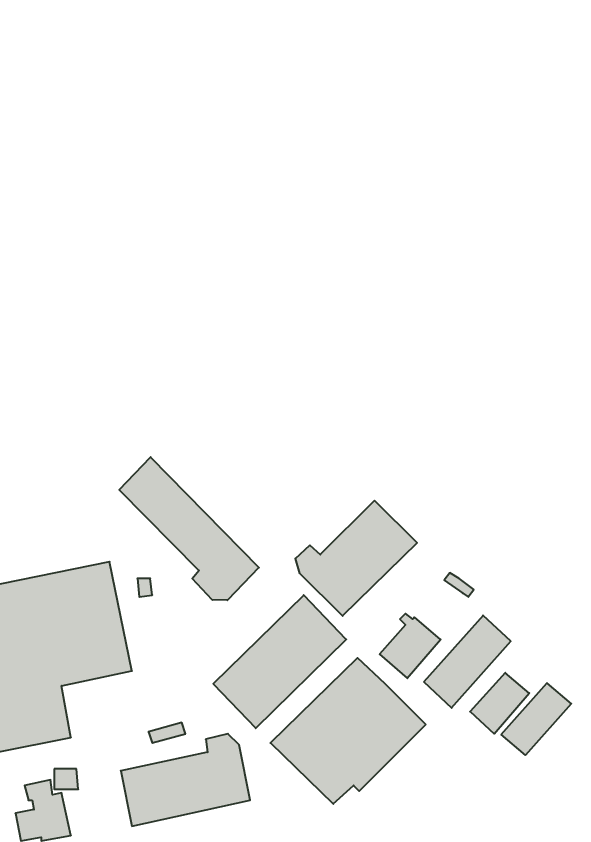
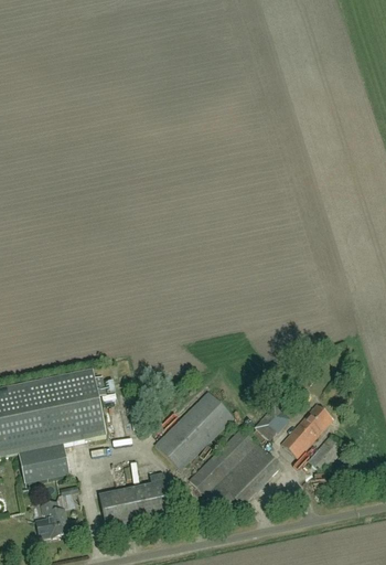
building: [119,457,259,600] -> none
building: [295,501,417,616] -> none
building: [501,683,571,755] -> none

